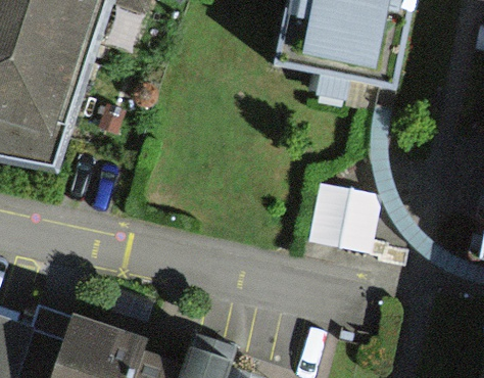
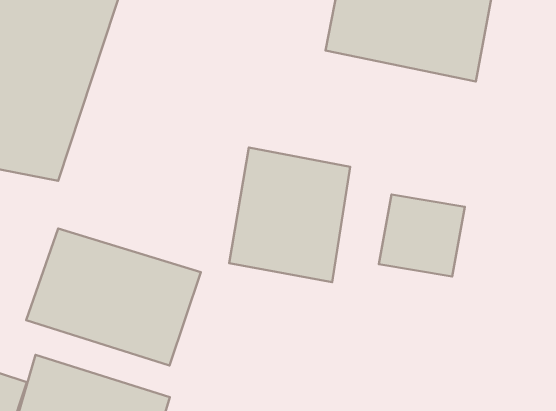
building: none -> [229,148,350,282]
building: none -> [26,229,201,365]

